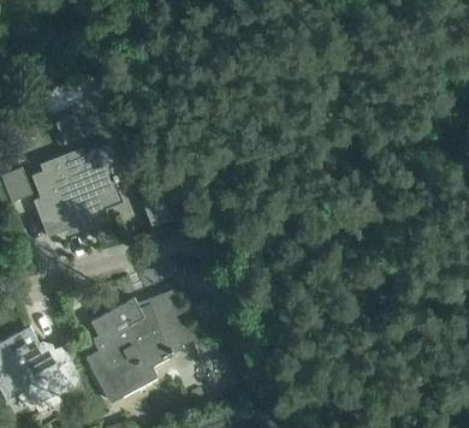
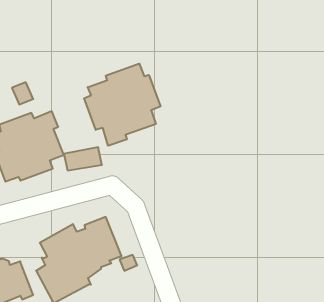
building: none -> [84,64,161,146]

